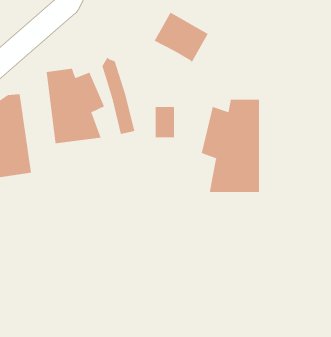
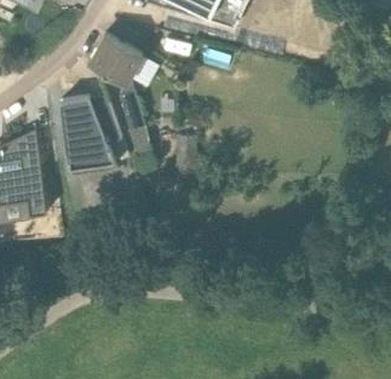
building: [154,12,209,63] -> [88,33,145,86]
building: [201,99,260,193] -> none

